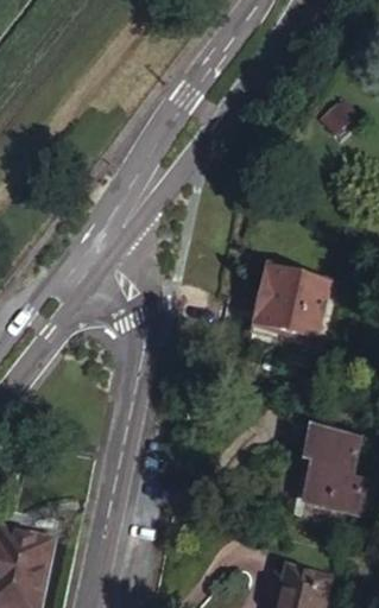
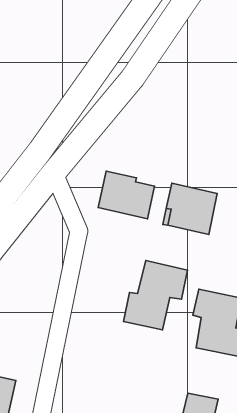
building: none -> [98,171,155,219]
building: none -> [123,260,187,330]

